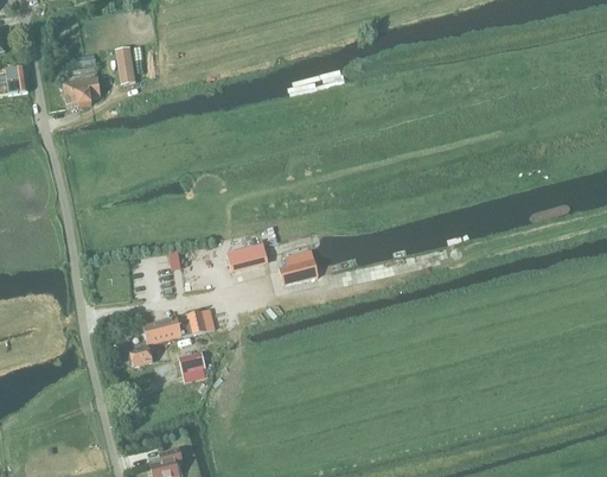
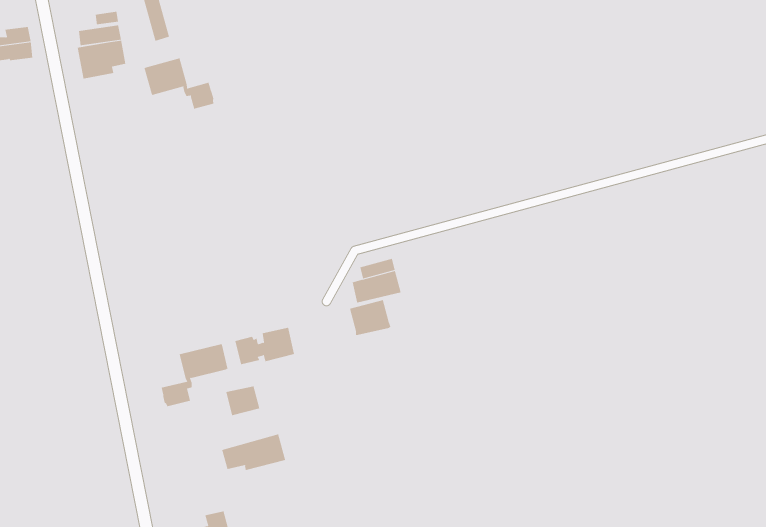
building: none -> [144,58,214,110]
building: [235,242,268,271] -> [349,299,391,336]
building: none -> [222,434,286,471]

